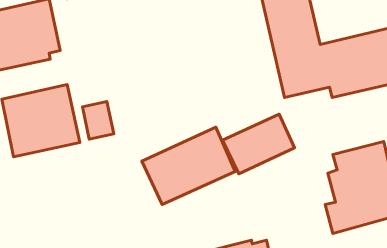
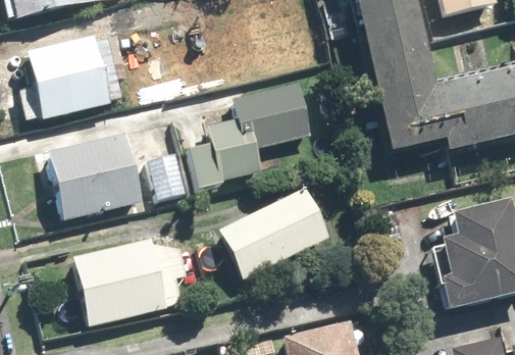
building: none -> [189,82,311,188]
building: [223,114,294,174] -> none
building: none -> [72,237,188,325]

